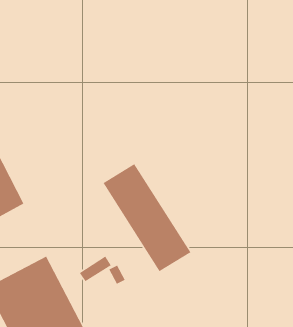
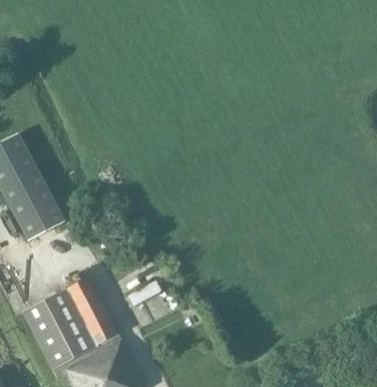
building: [102,163,191,272] -> none

